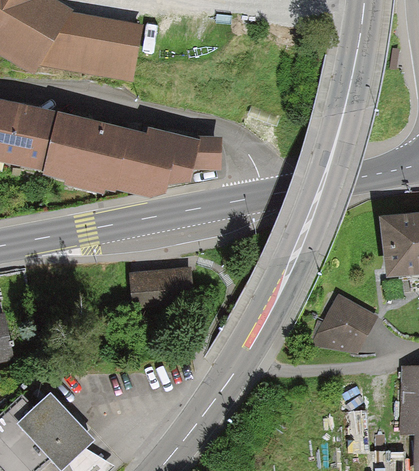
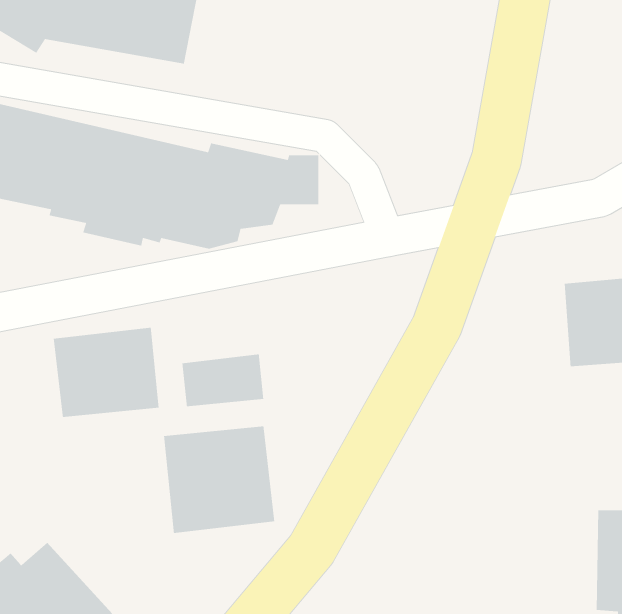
building: none -> [53,327,160,418]
building: [314,291,377,349] -> none
building: none -> [163,425,275,534]

